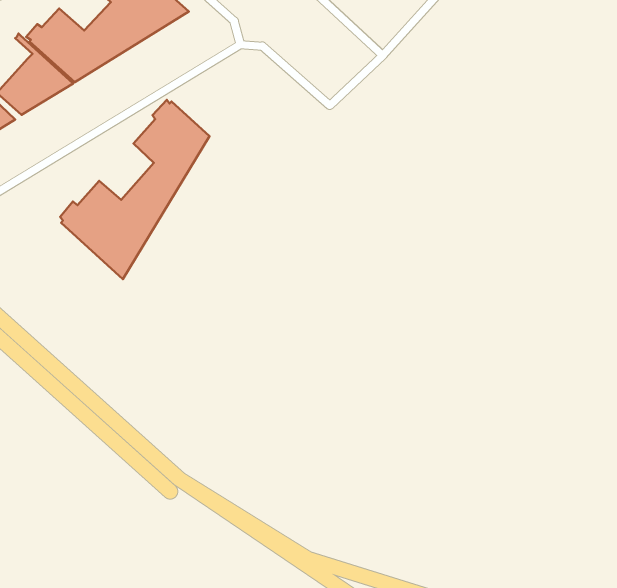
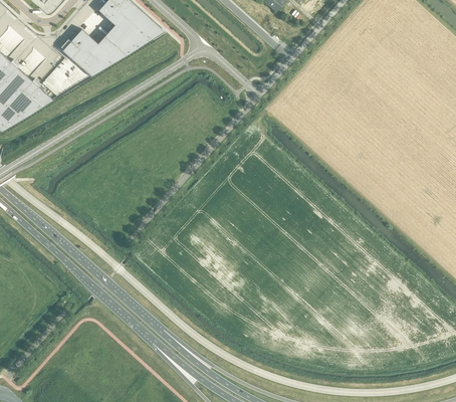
building: [60,100,210,279] -> none

